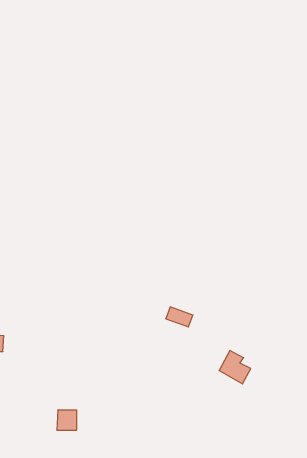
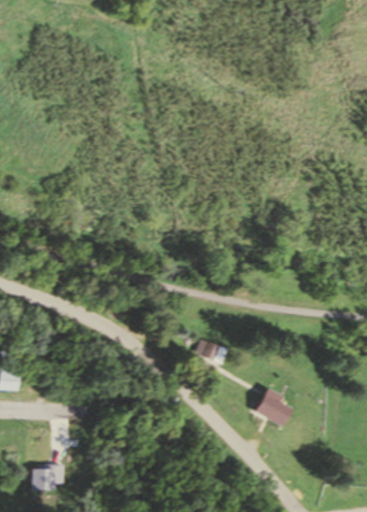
building: [57,410,77,430] -> [32,466,54,488]

